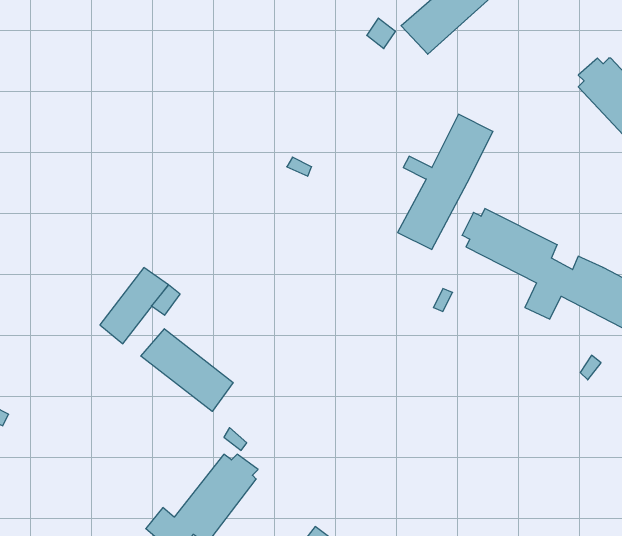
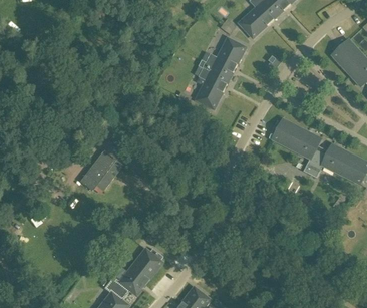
building: [398,114,493,249] -> [195,38,245,109]
building: [141,329,233,411] -> none

